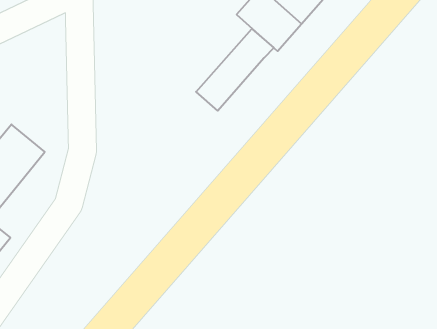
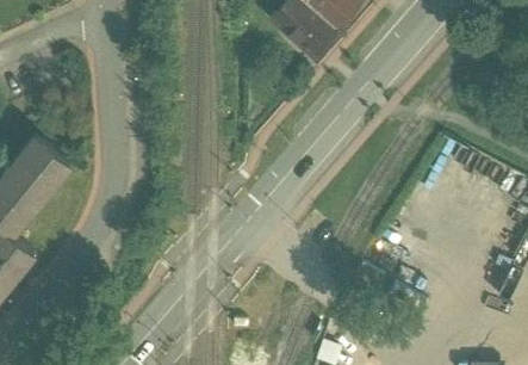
building: [196,29,274,111] -> none

